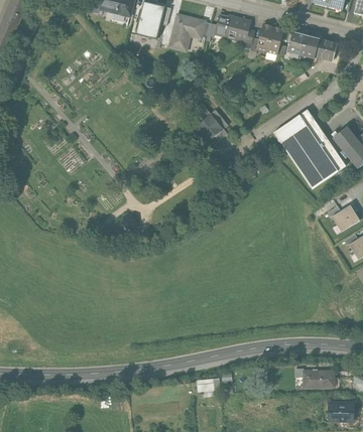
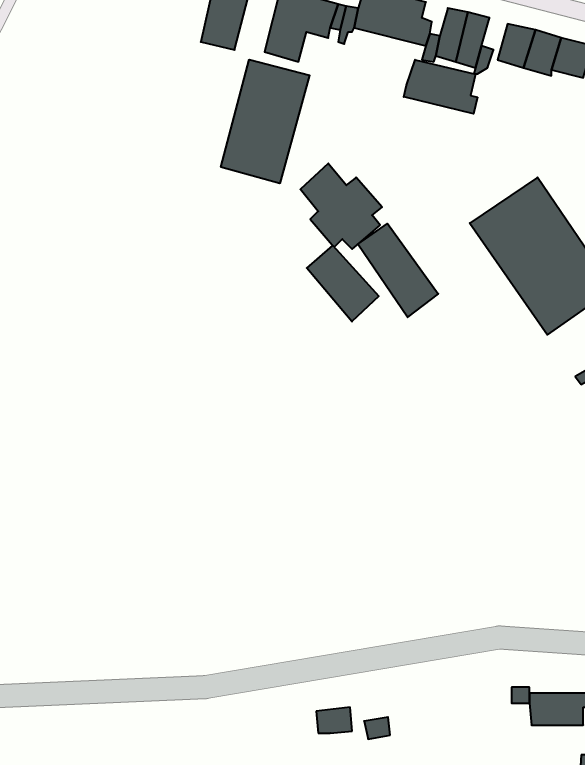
building: none -> [221,60,310,183]
building: none -> [404,60,477,114]
building: none -> [358,224,438,317]
building: none -> [307,245,379,322]

